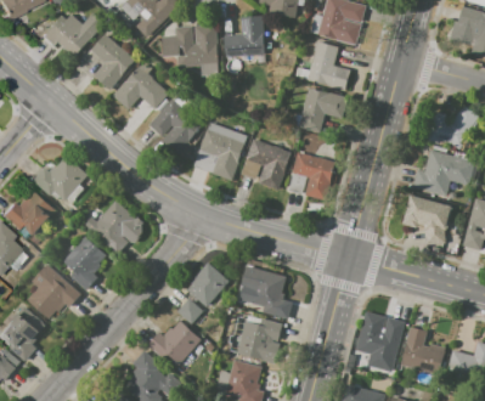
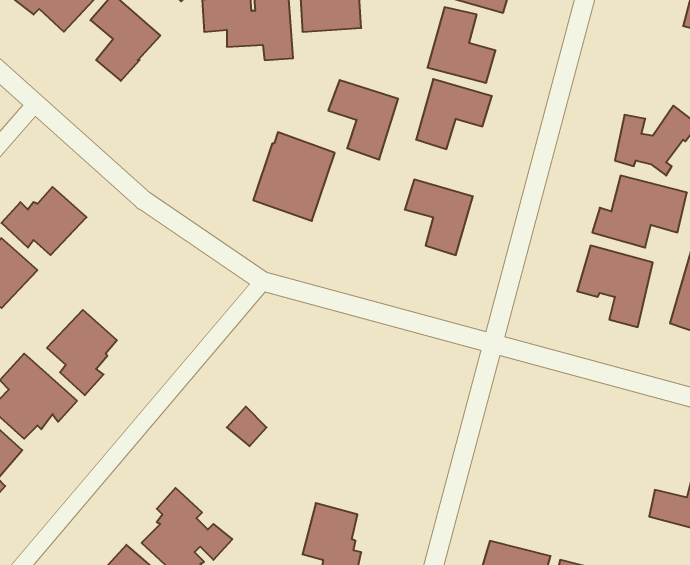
building: [112,64,169,109] -> none
building: [150,98,203,151] -> none
building: [246,140,291,191] -> [328,80,398,160]
building: [80,200,143,255] -> none
building: [187,261,230,306] -> none
building: [239,265,288,317] -> none
building: [356,312,404,360] -> none
building: [220,315,282,363] -> none
building: [147,321,201,363] -> none
building: [400,326,447,375] -> none

